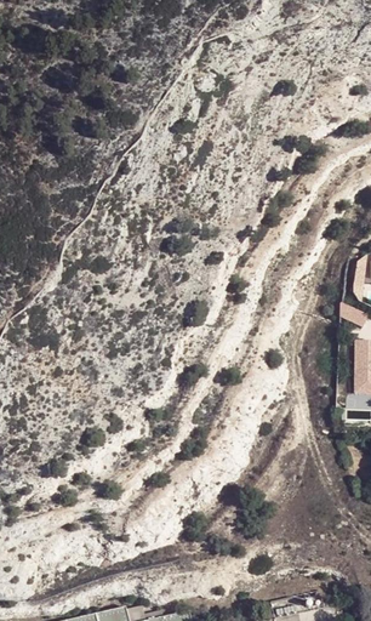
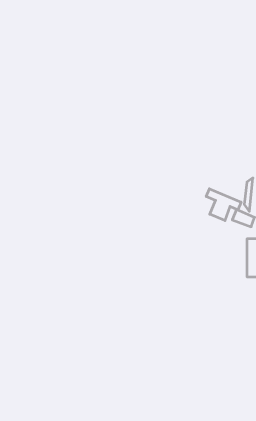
building: none -> [206,189,241,221]

